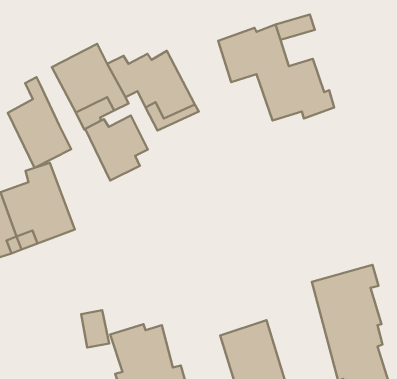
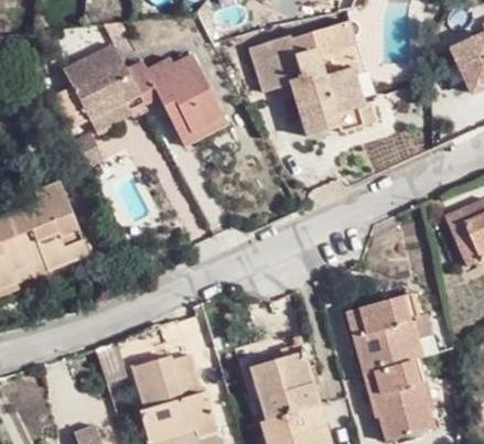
building: [8,77,71,168] -> none
building: [85,116,148,180] -> none

